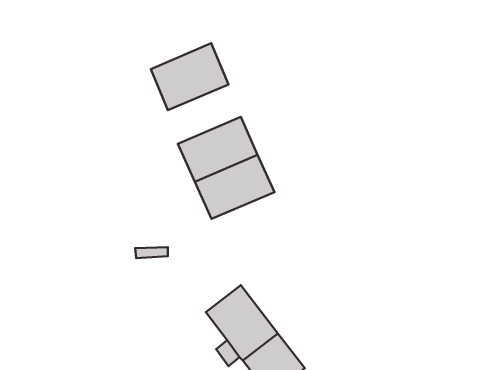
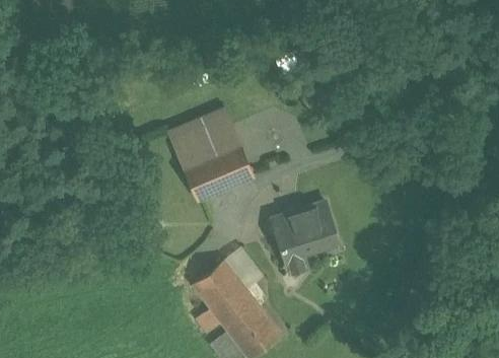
building: [151,43,228,110] -> none
building: none -> [271,203,340,272]

